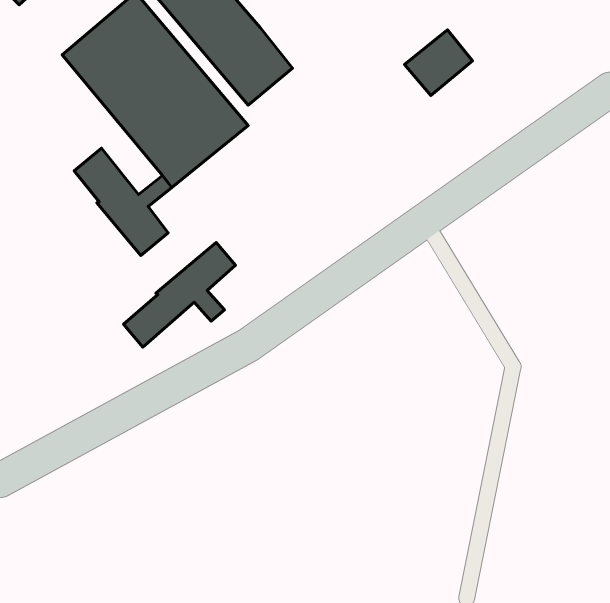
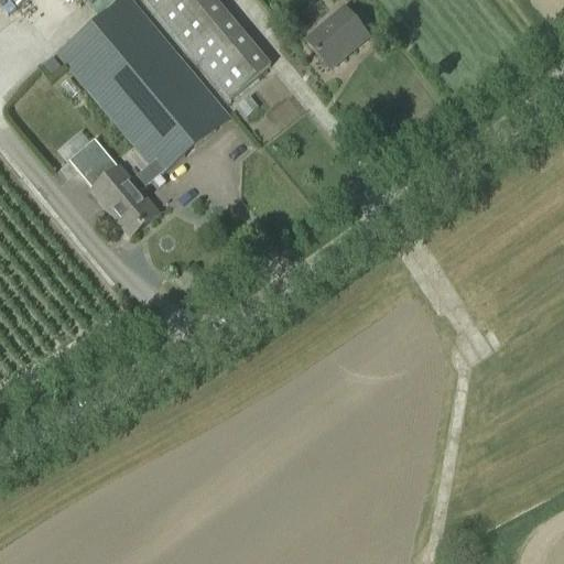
building: [405,30,473,96] -> [305,6,368,66]
building: [123,243,236,347] -> none

